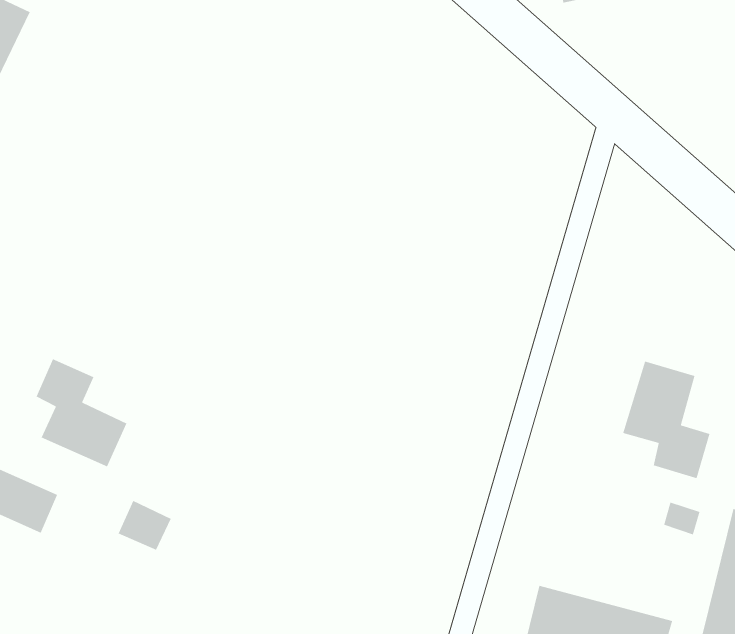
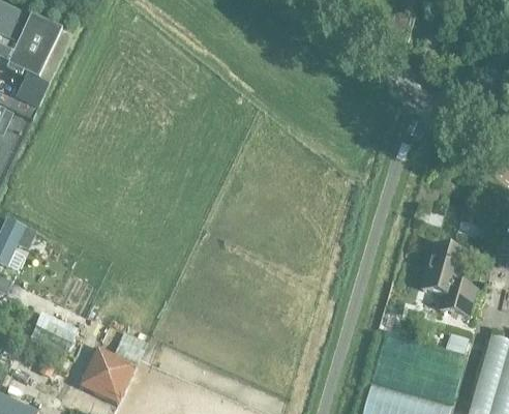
building: [36,358,127,468] -> none
building: none -> [79,347,137,406]

